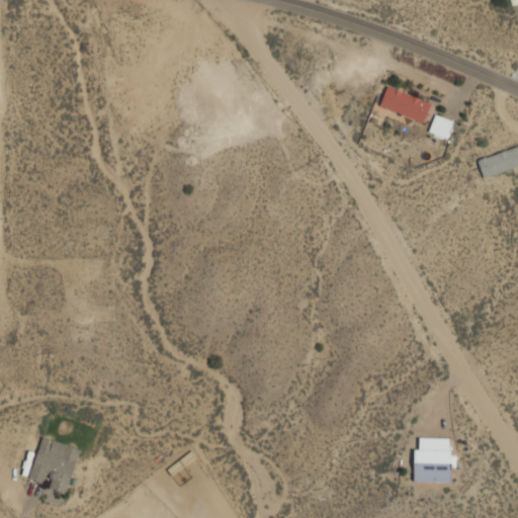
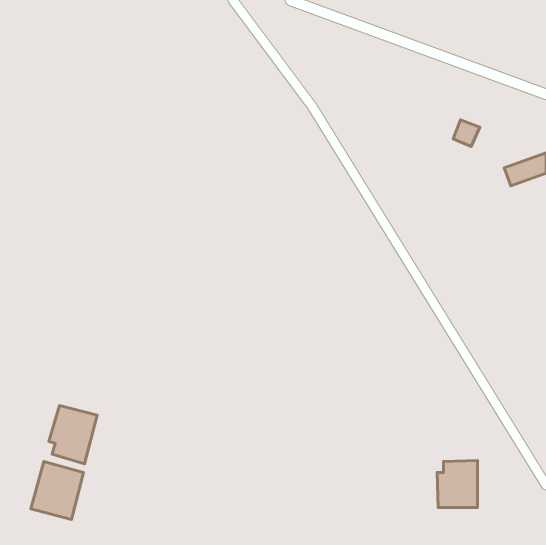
building: [379,87,431,122] -> none
building: none -> [49,405,97,464]

